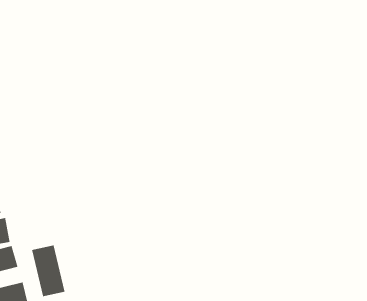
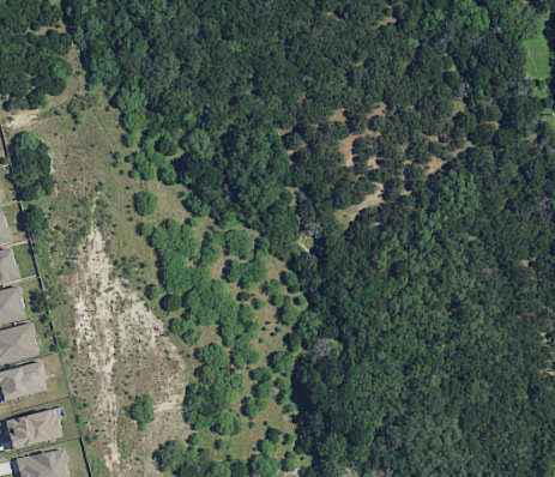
building: [31,244,65,297] -> none

